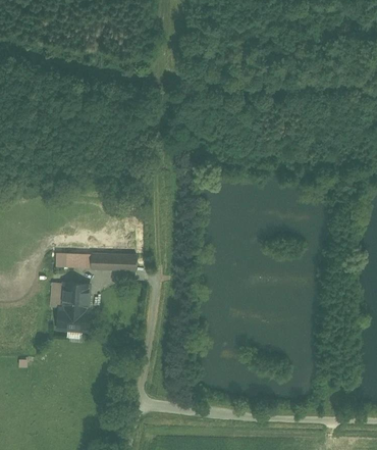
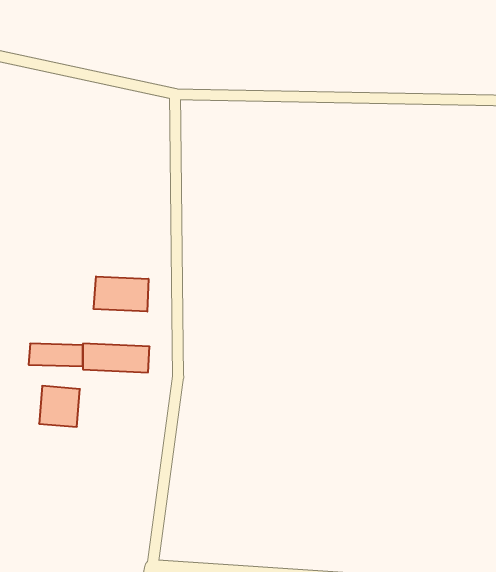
building: none -> [94,276,148,312]
building: [57,306,88,329] -> none

